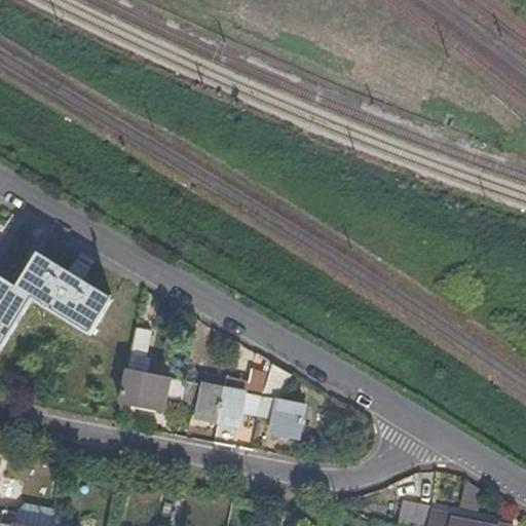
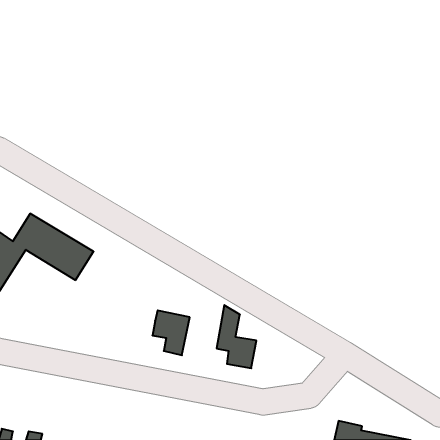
building: [119,327,184,411] -> none
building: [216,377,262,426] -> none

